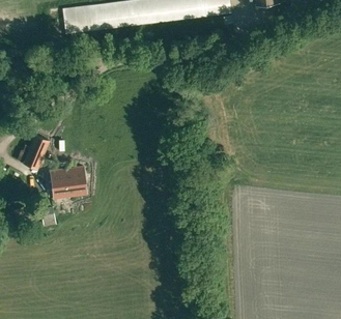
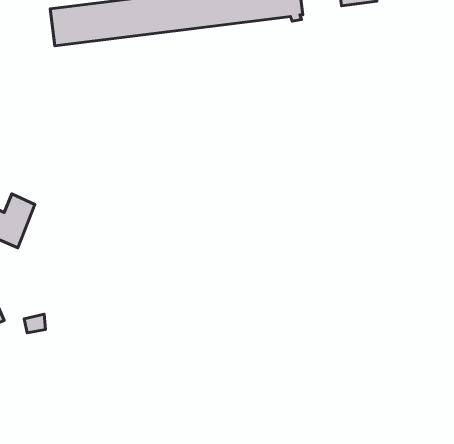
building: [51,166,86,198] -> none

